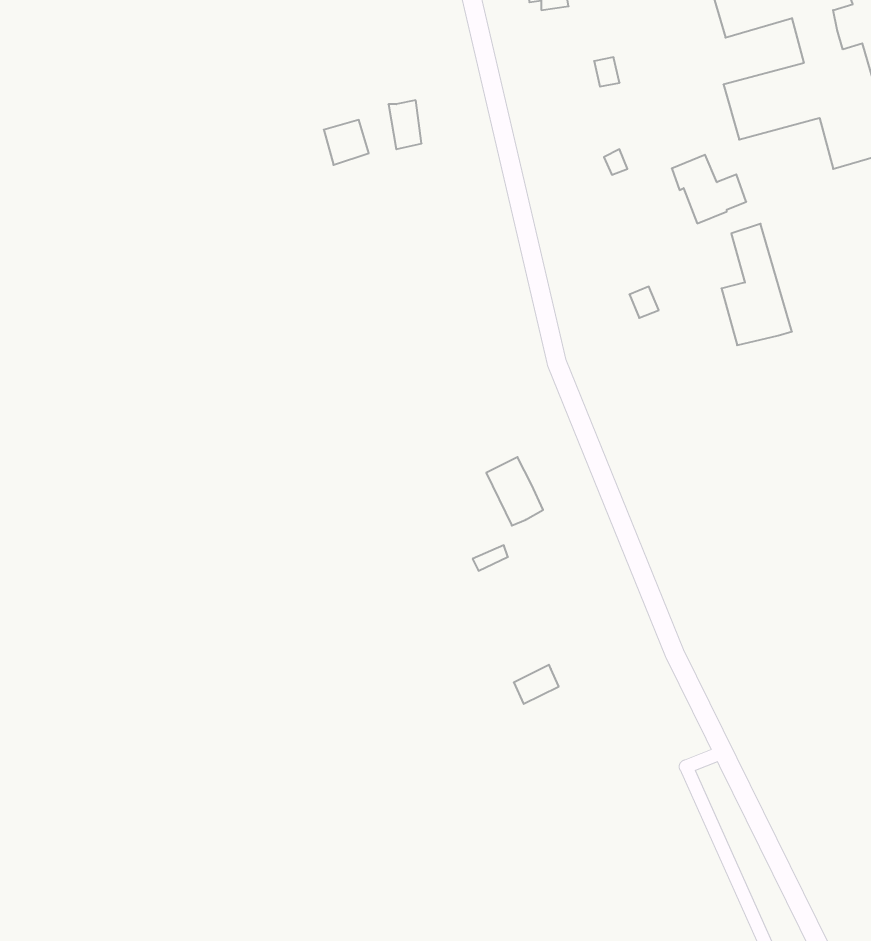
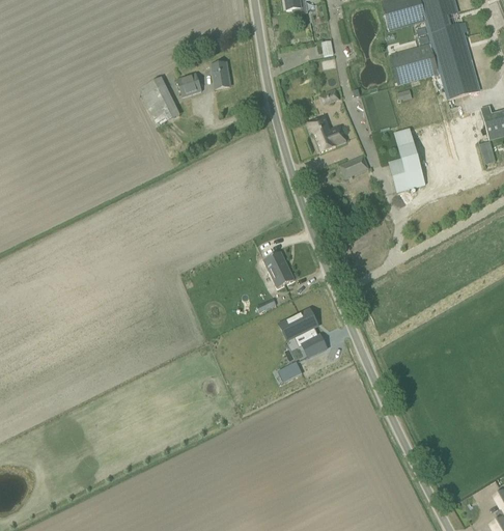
building: none -> [139,78,180,125]
building: [672,155,746,223] -> [307,115,346,151]
building: none -> [280,308,328,357]

